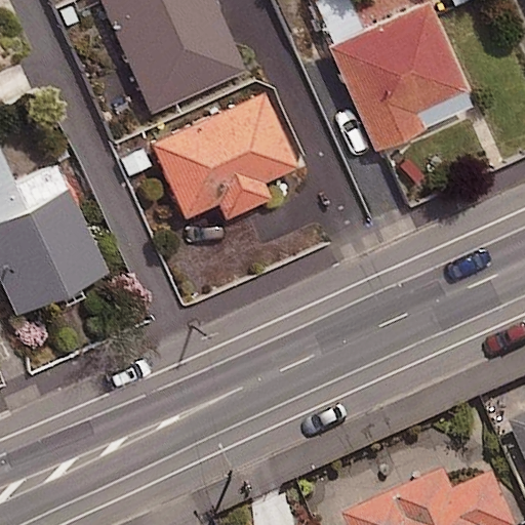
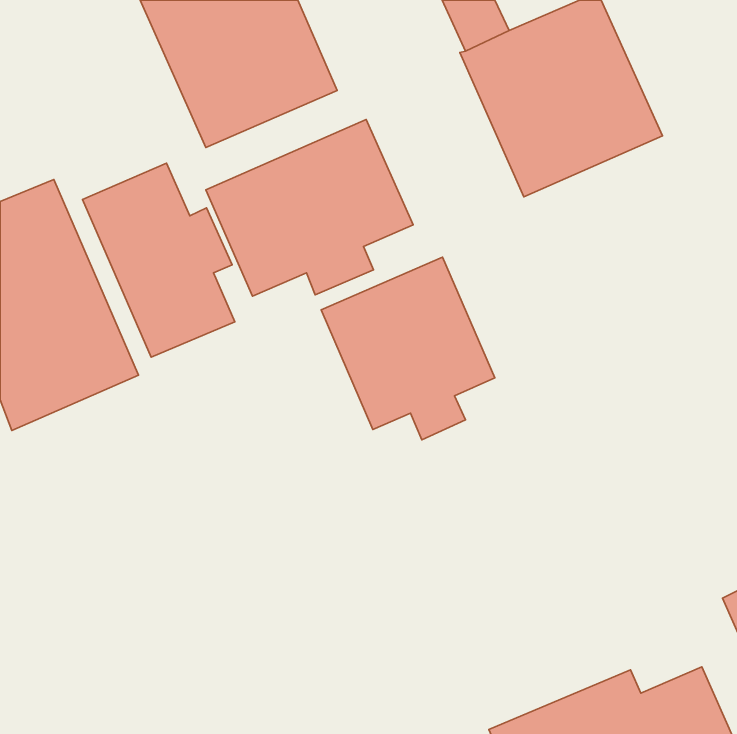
building: none -> [82,163,235,357]
building: none -> [321,257,495,440]

